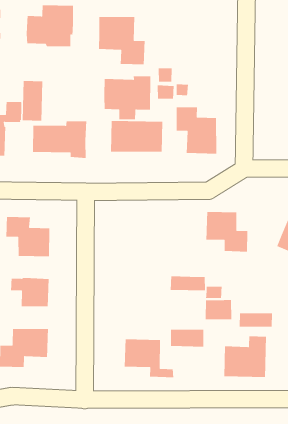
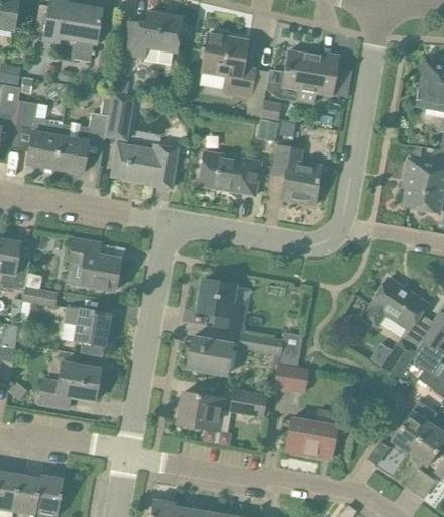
building: [104,76,151,120] -> [282,51,339,103]
building: [206,211,248,253] -> [196,279,244,331]
building: none -> [186,336,232,375]
building: [239,313,273,327] -> none

